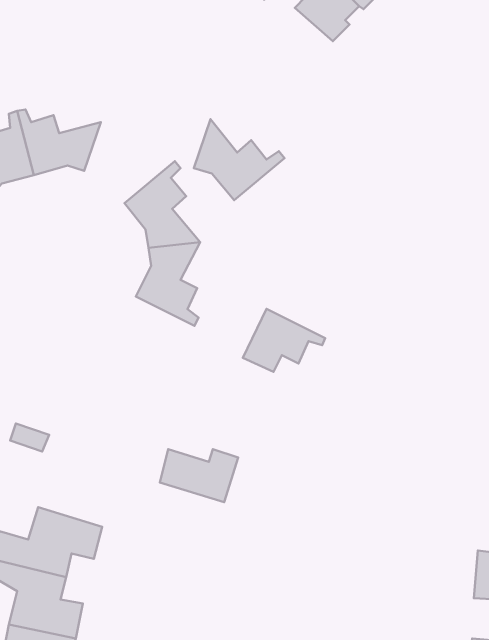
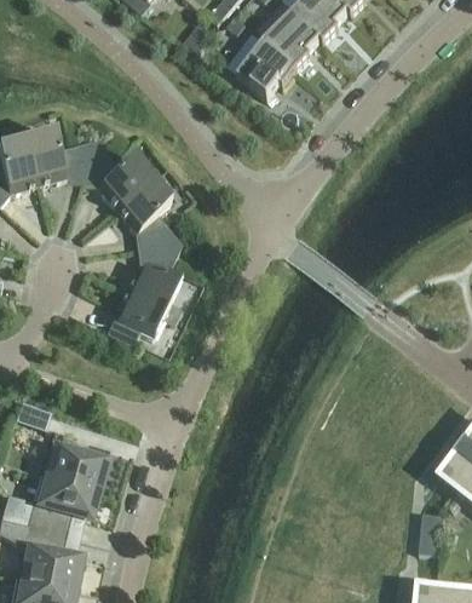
building: none -> [238,39,298,97]
building: [194,119,285,200] -> [82,138,161,208]
building: [243,309,325,372] -> [107,289,178,344]
building: [160,449,238,502] -> [42,443,110,489]

